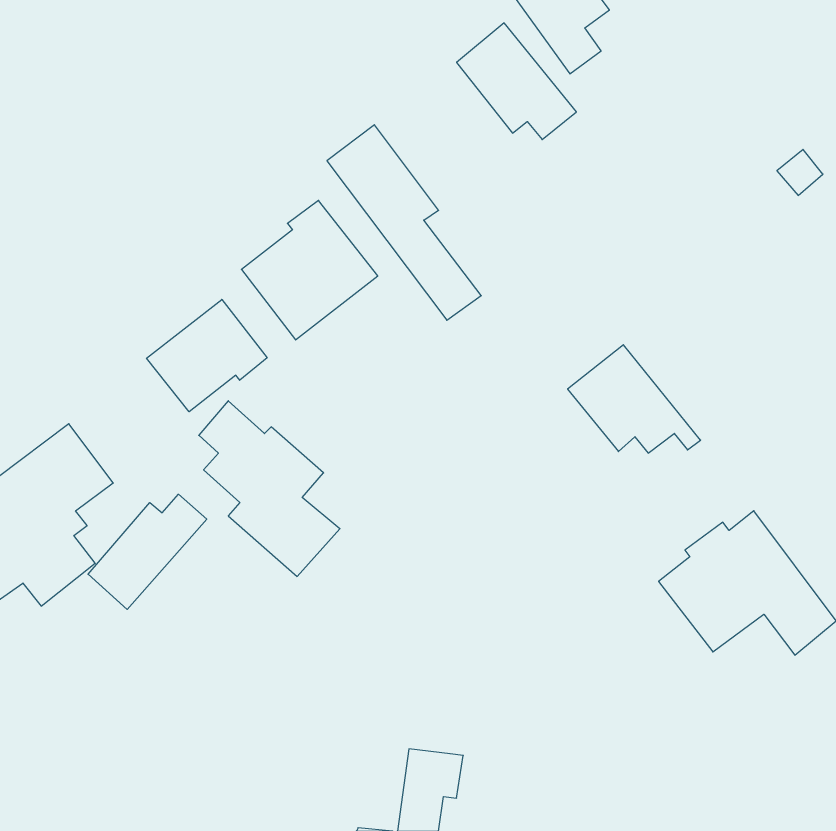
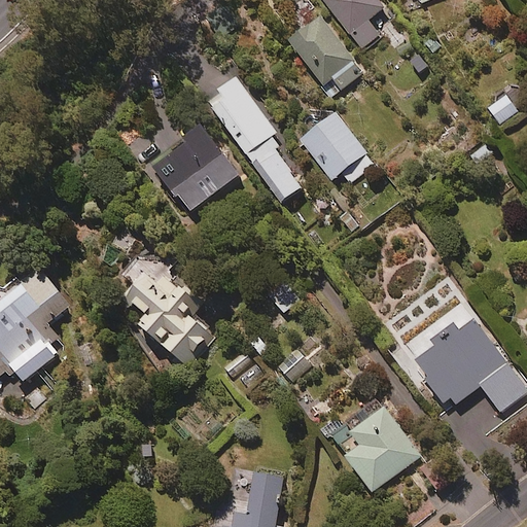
building: [147,299,267,412] -> none
building: [568,345,701,453] -> [298,112,382,180]
building: [88,494,207,609] -> none
building: none -> [332,406,422,489]

